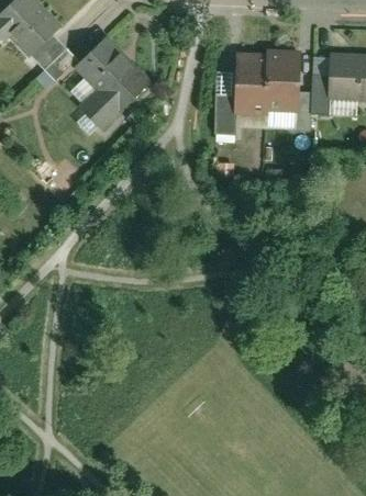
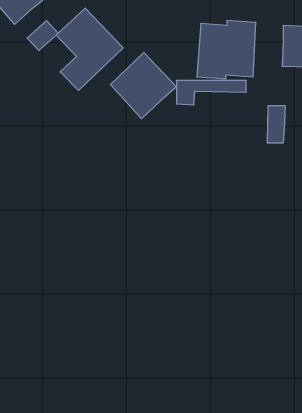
building: [27,33,64,68] -> none
building: [311,74,332,115] -> [267,106,285,143]
building: none -> [110,53,176,119]

